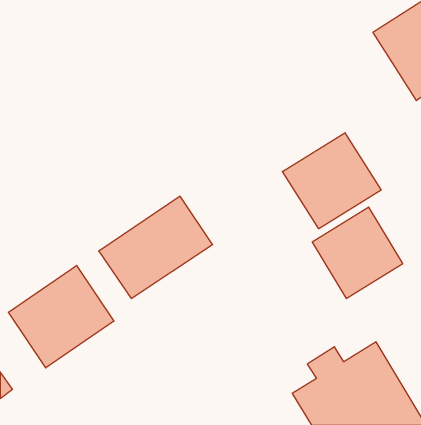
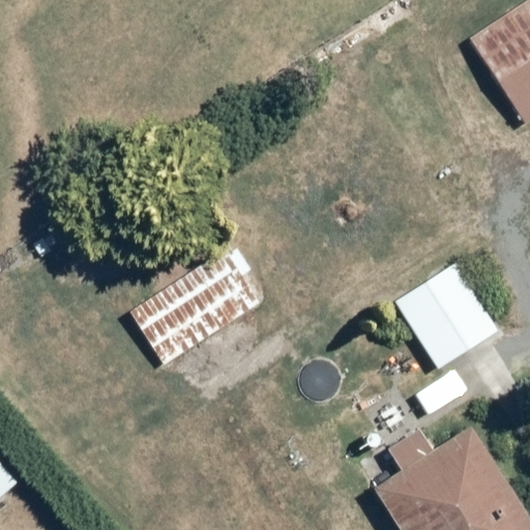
building: [282,133,381,229] -> none
building: [8,265,114,368] -> none

